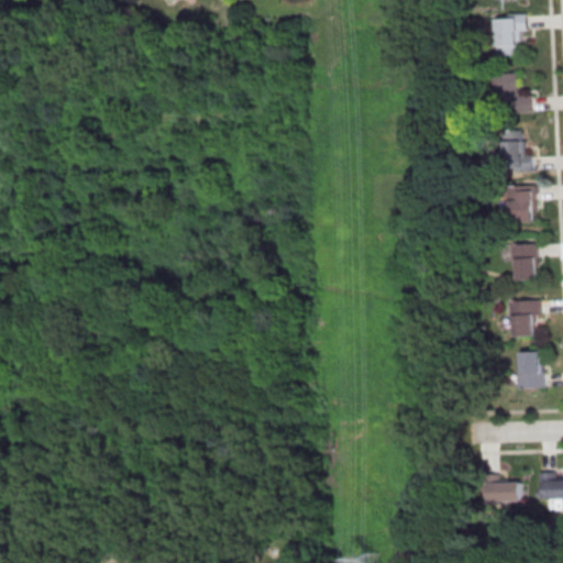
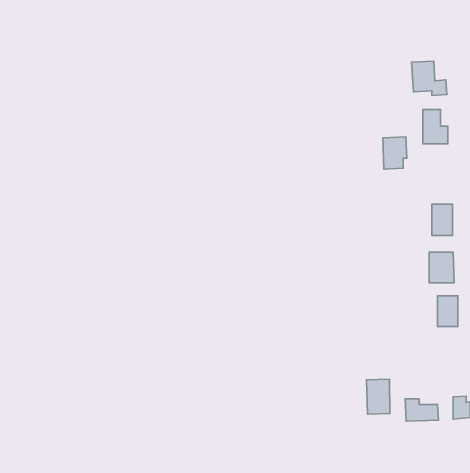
building: [496,15,523,56] -> none
building: [507,185,536,223] -> [383,137,407,169]
building: none -> [367,379,390,414]

